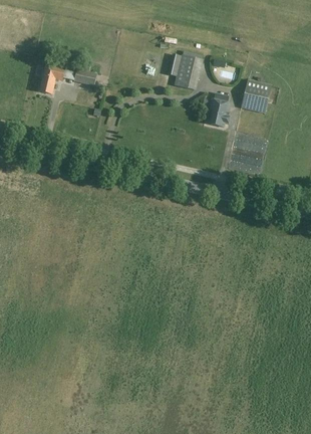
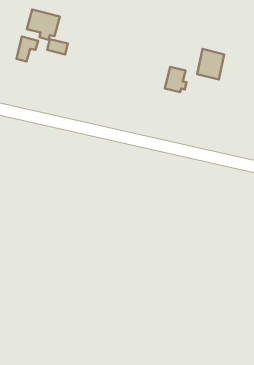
building: none -> [27,9,60,40]
building: [167,52,200,88] -> none

